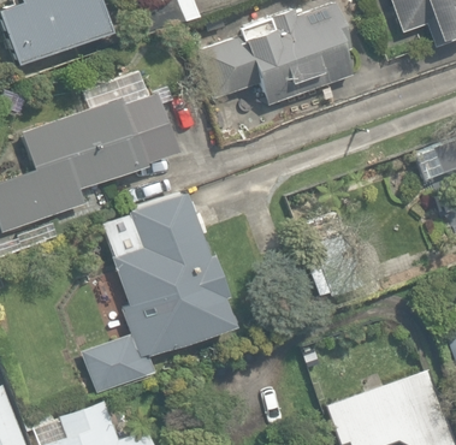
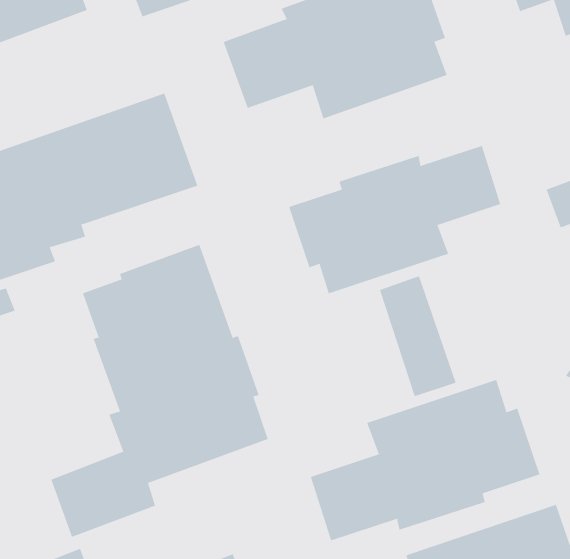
building: none -> [288,145,501,294]
building: none -> [310,379,540,541]

